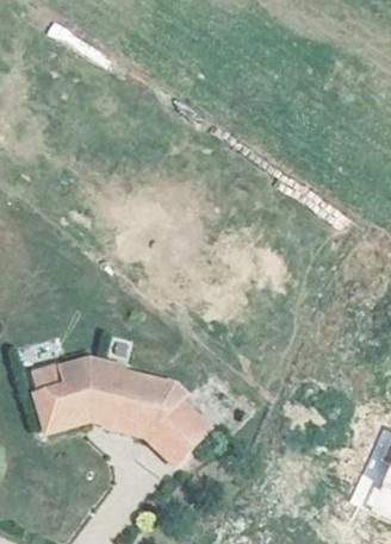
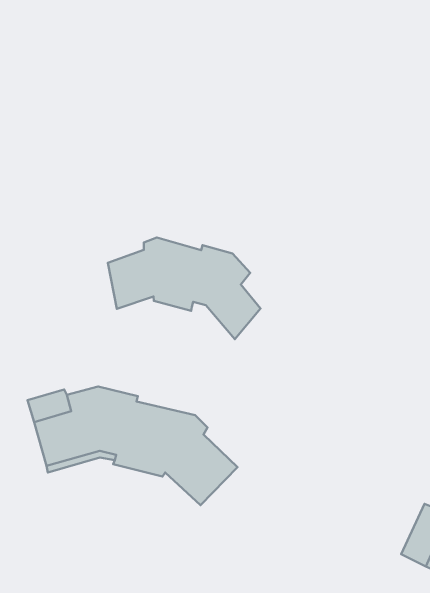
building: none -> [108,238,261,339]

